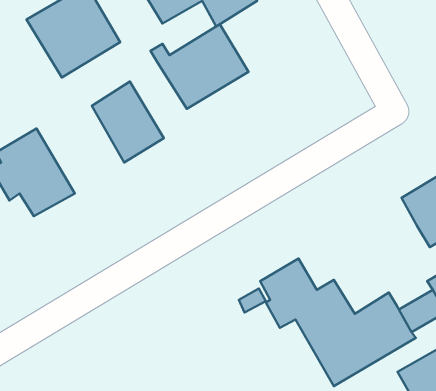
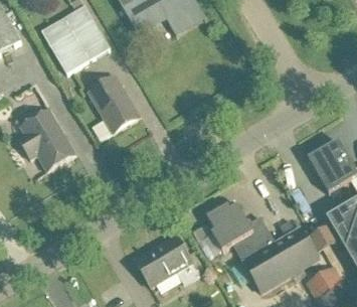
building: [150,24,249,109] -> none
building: none -> [134,234,199,285]

